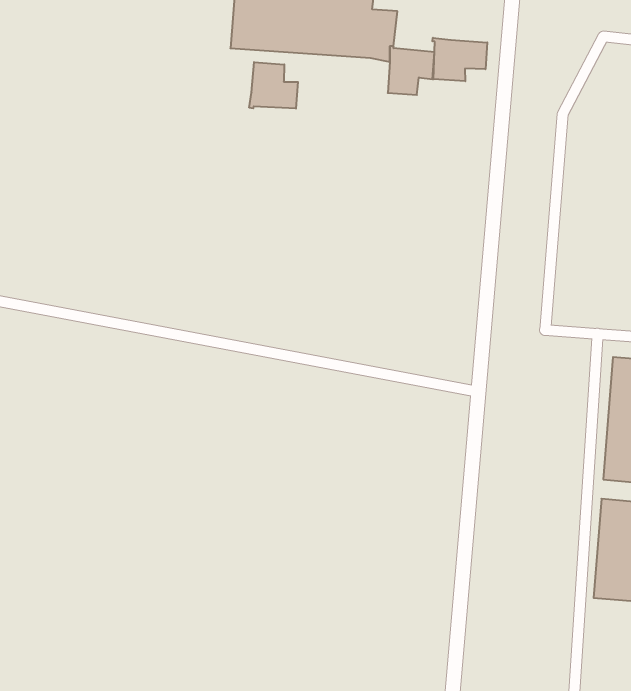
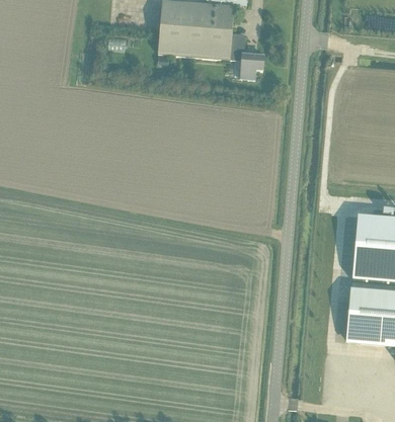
building: [432,38,487,81] -> none
building: [249,62,298,109] -> none

